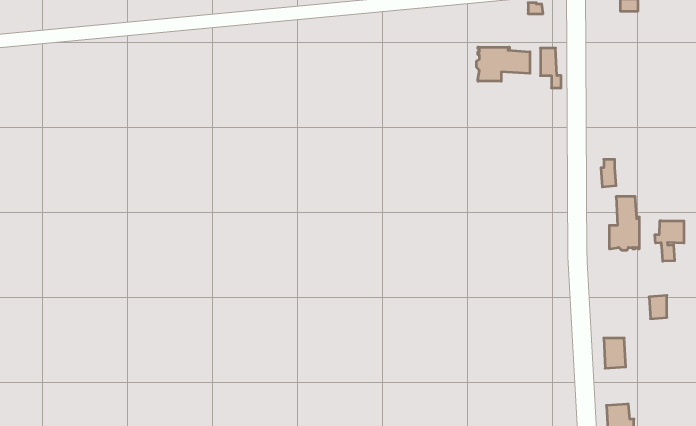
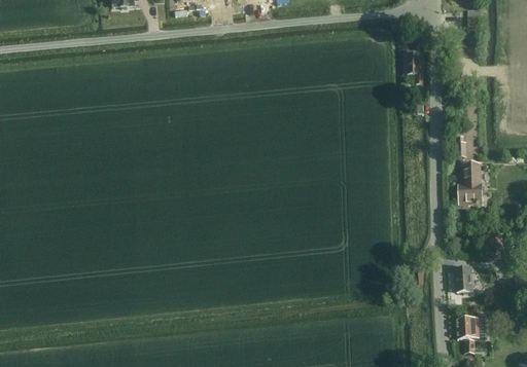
building: [477,47,530,81] -> none
building: [655,221,684,261] -> none

